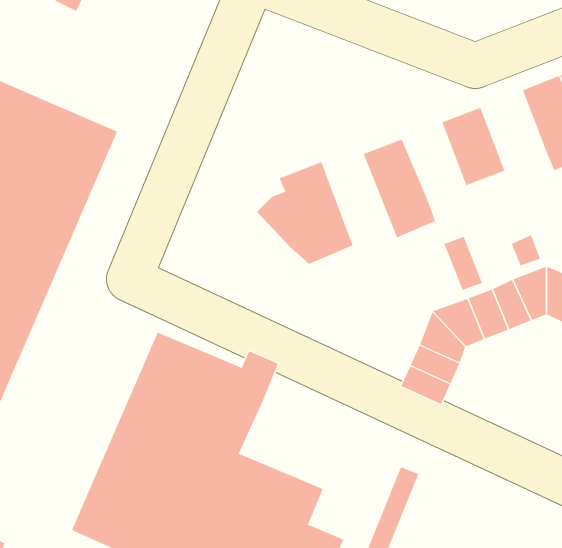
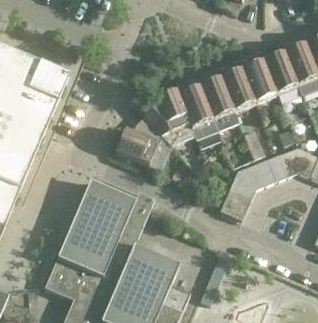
building: none -> [262,52,297,95]
building: none -> [220,69,254,111]
building: none -> [177,86,217,140]
building: none -> [114,117,160,165]

